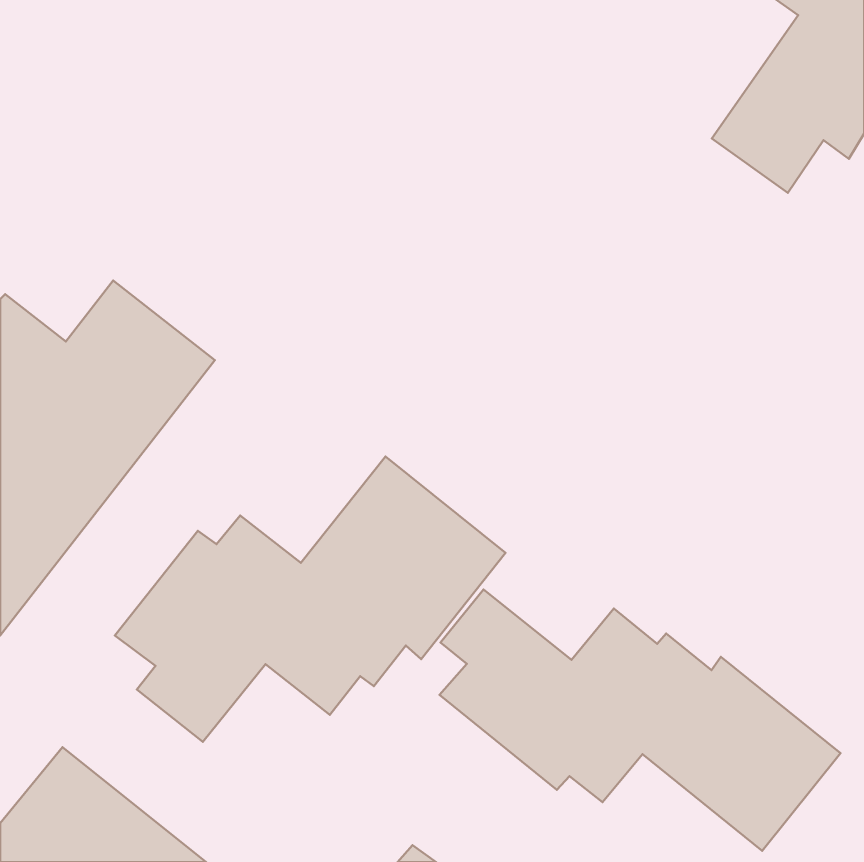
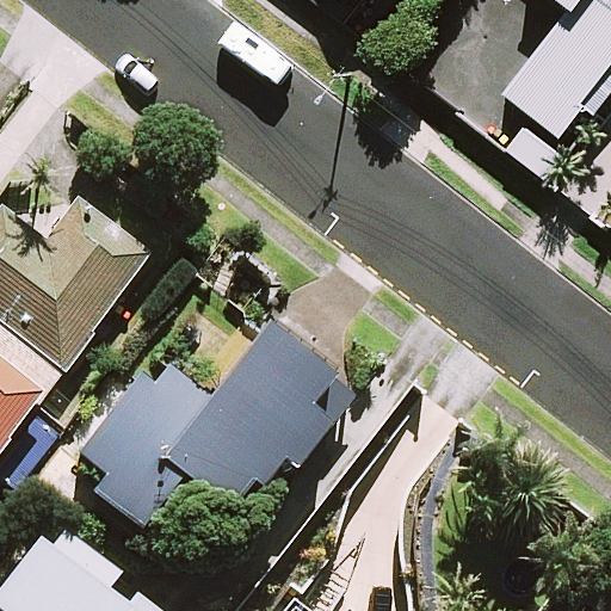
building: [440,589,840,851] -> none

